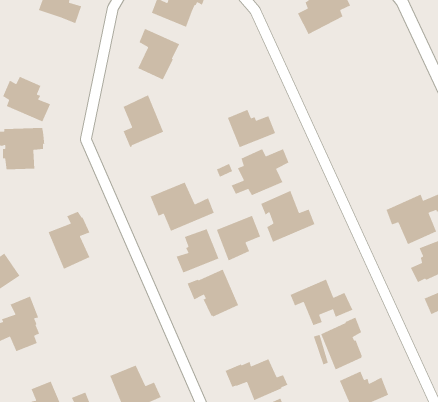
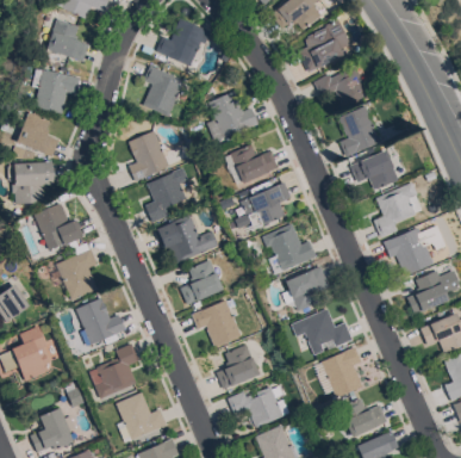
building: none -> [313,66,369,107]
building: none -> [32,69,80,113]
building: none -> [206,92,258,142]
building: none -> [338,106,380,156]
building: none -> [350,150,399,190]
building: none -> [145,168,188,223]
building: none -> [373,182,422,237]
building: none -> [33,204,85,249]
building: [216,215,261,261] -> [285,266,329,311]
building: none -> [75,298,125,345]
building: none -> [89,344,139,398]
building: none -> [216,345,260,389]

